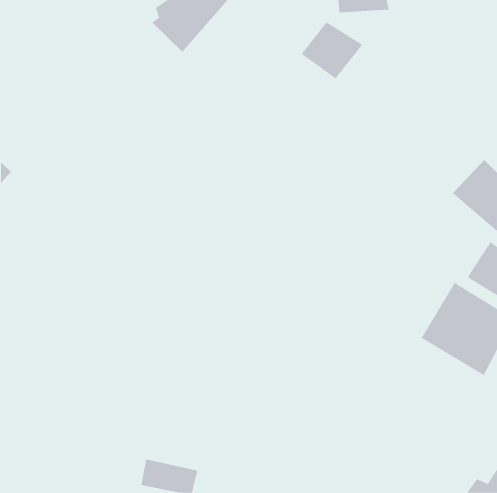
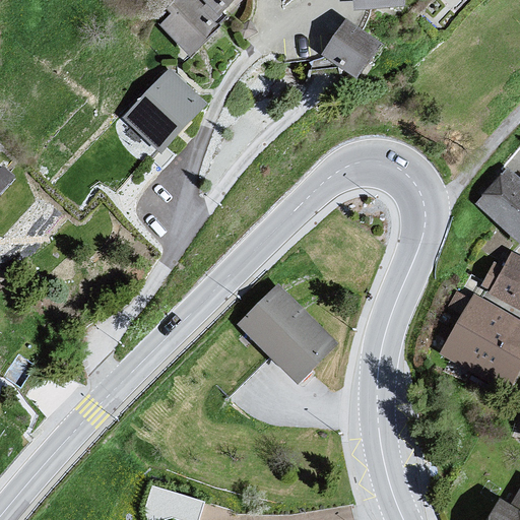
building: none -> [121,68,205,154]
building: none -> [237,284,338,380]

